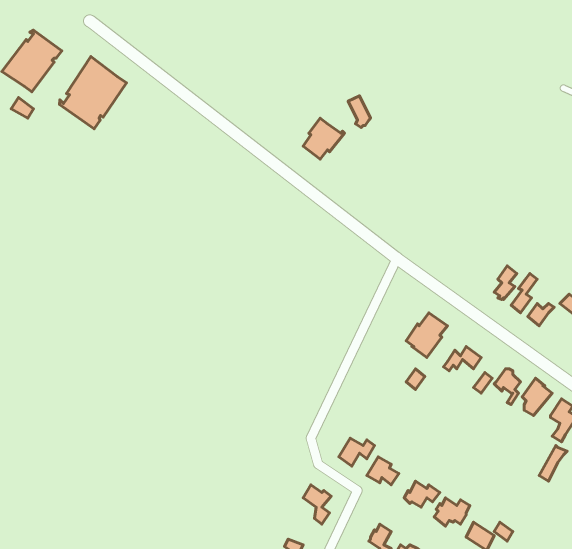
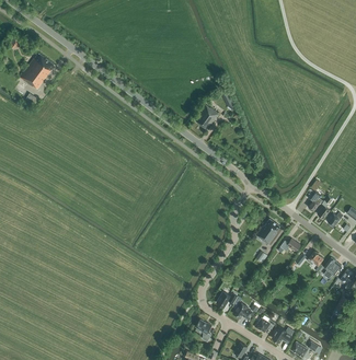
building: [59,56,127,129] -> none

